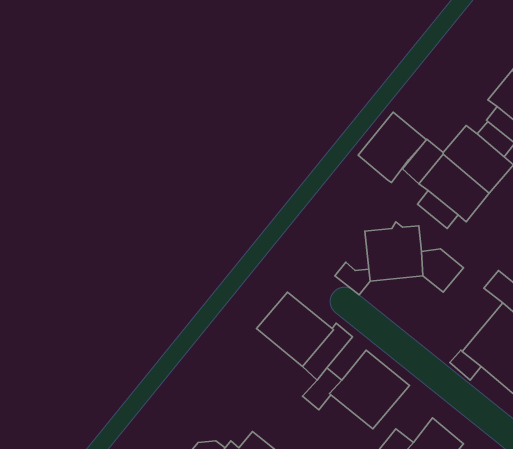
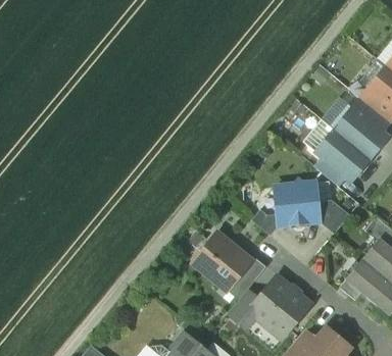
building: [358,112,426,183] -> none

